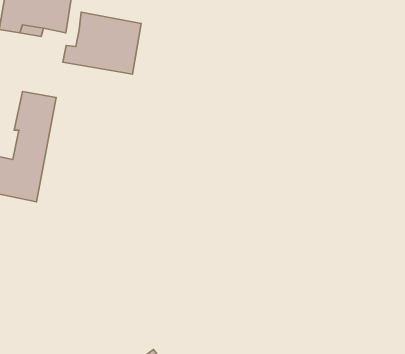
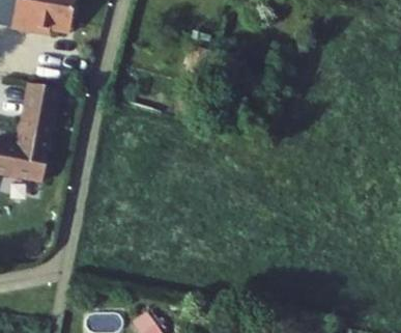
building: [63,12,141,74] -> none

